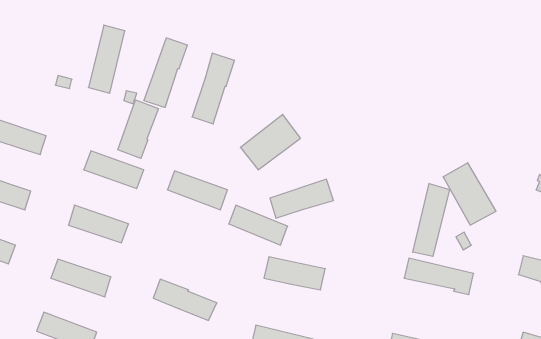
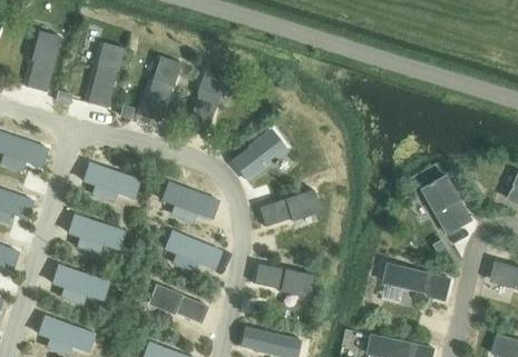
building: none -> [27,37,59,93]
building: [118,100,159,158] -> none
building: [413,183,449,256] -> none
building: [229,205,288,245] -> [165,231,221,269]

